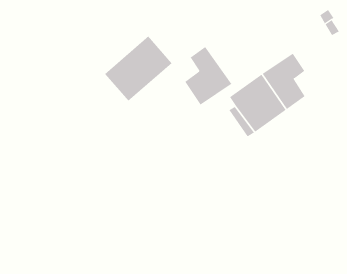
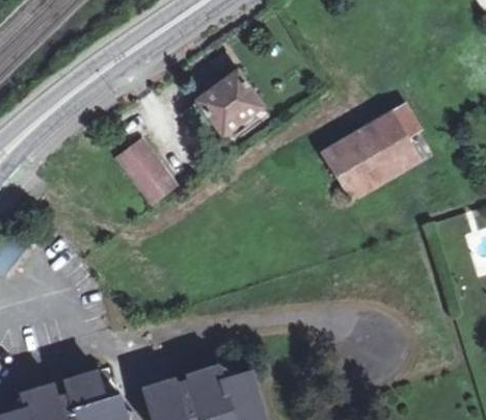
building: [185,46,232,106] -> none
building: none -> [120,139,176,203]

